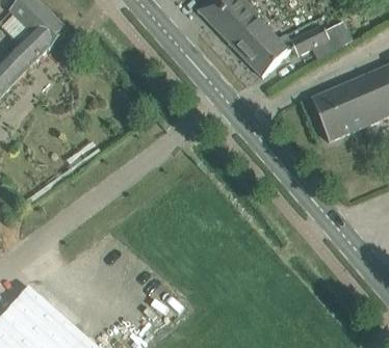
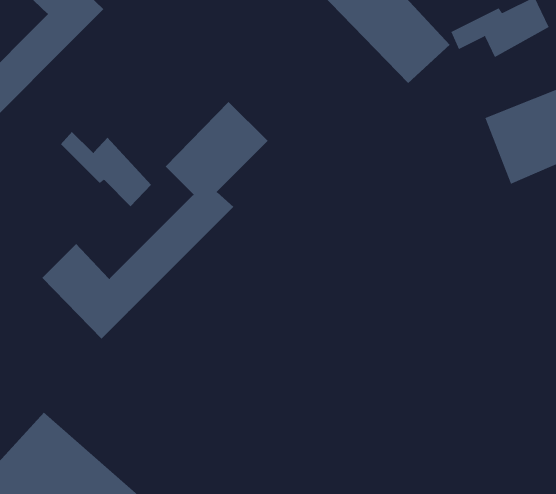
building: none -> [41,101,268,339]
building: none -> [60,131,152,207]

